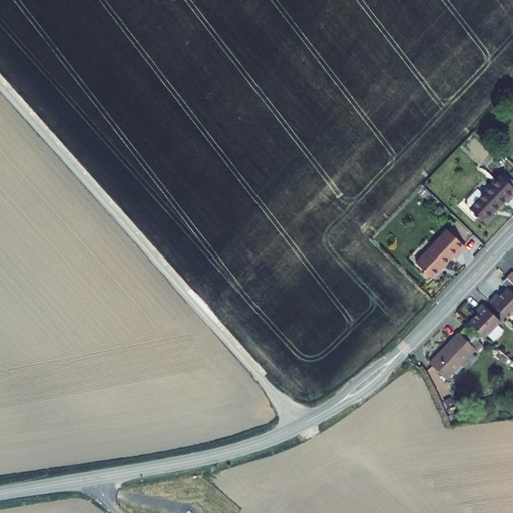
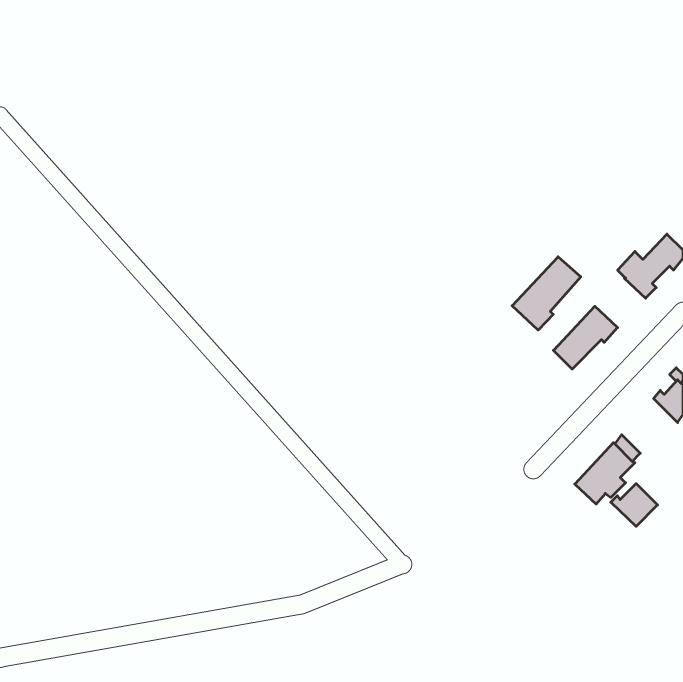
building: none -> [512,257,581,330]
building: [466,305,501,337] -> [611,484,658,526]

